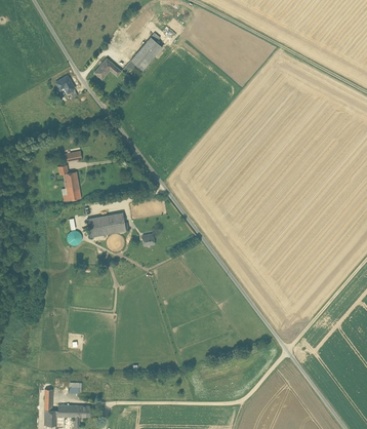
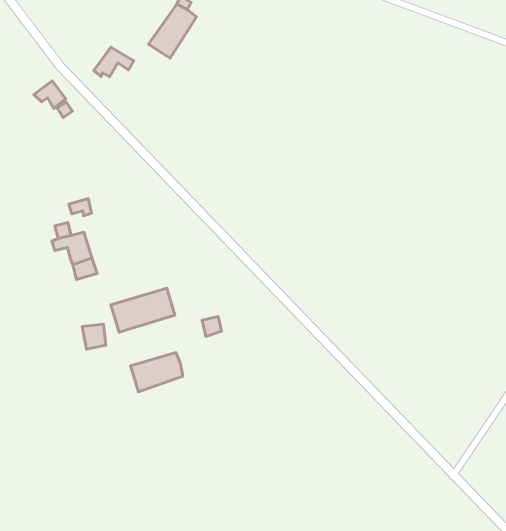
building: none -> [131,353,183,392]

